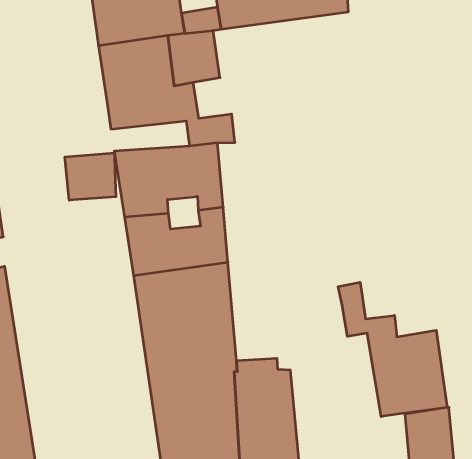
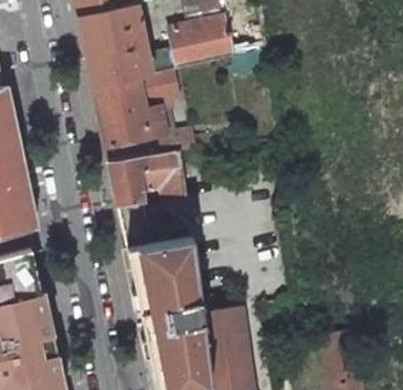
building: [65,153,116,200] -> none
building: [338,282,447,417] -> none

